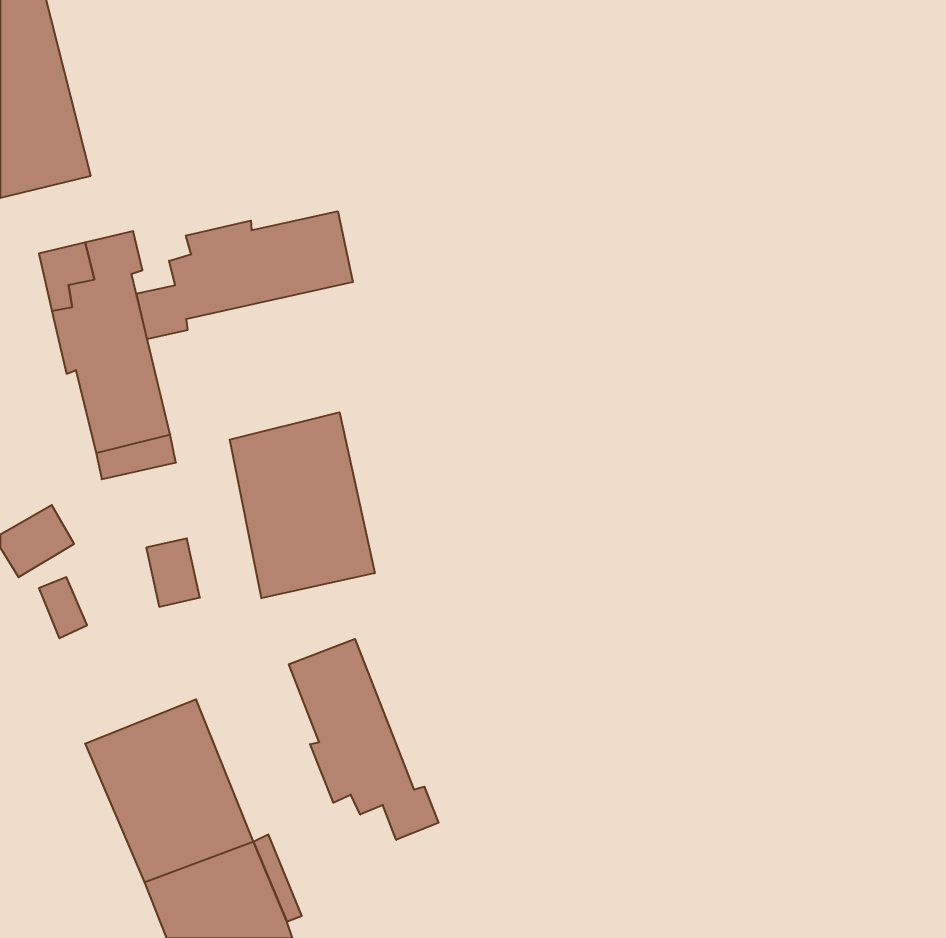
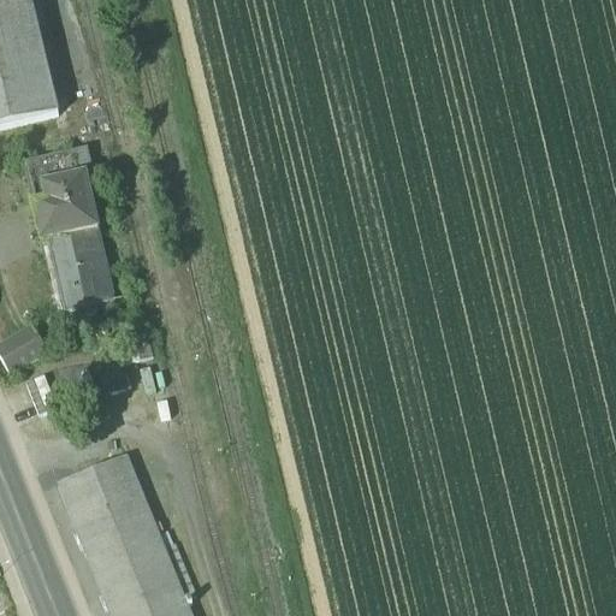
building: [137,211,353,339] -> none
building: [230,412,375,598] -> none
building: [289,639,439,840] -> none

